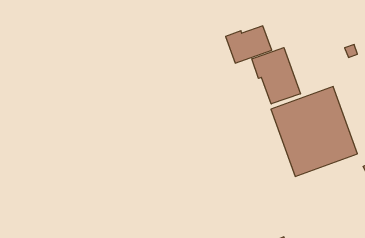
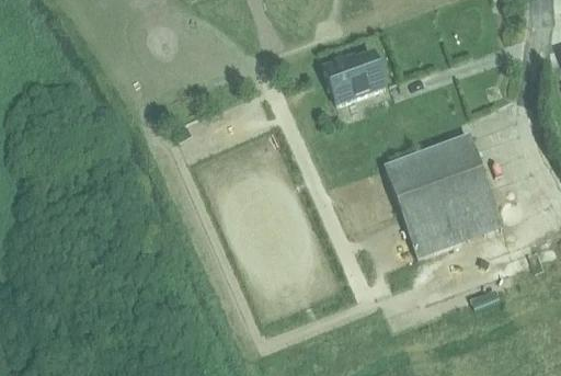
building: [252,48,300,104] -> none

